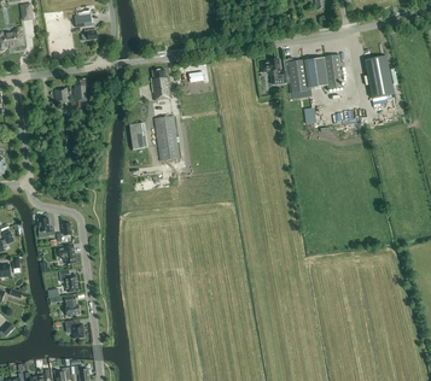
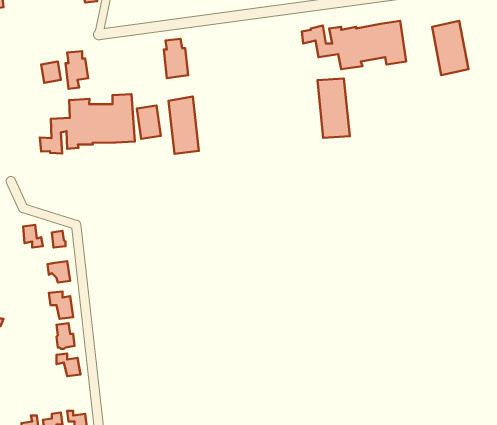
building: none -> [318,78,350,138]
building: none -> [40,94,135,154]

